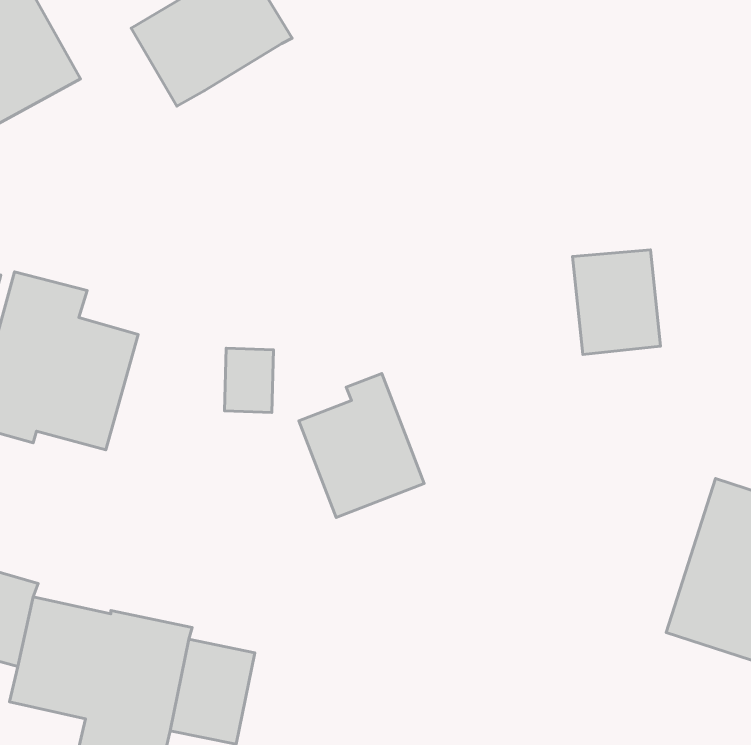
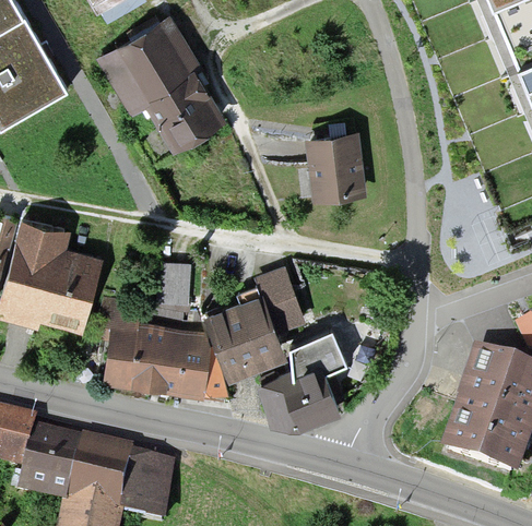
building: none -> [144,69,225,147]
building: [573,250,661,355] -> [308,132,365,200]
building: none -> [256,264,307,330]
building: none -> [98,308,227,403]
building: none -> [258,324,347,423]

